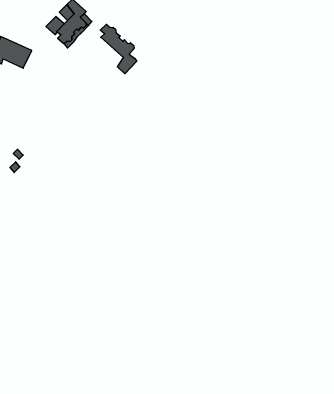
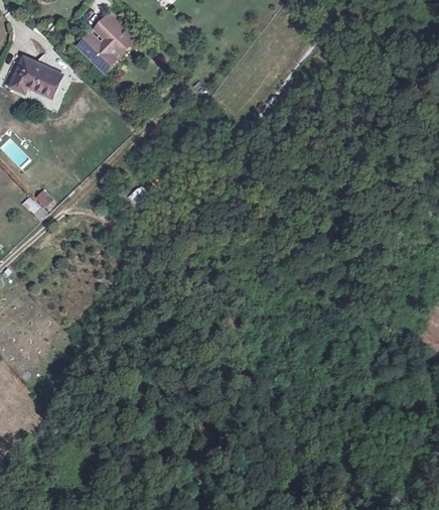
building: [100,24,137,74] -> none

